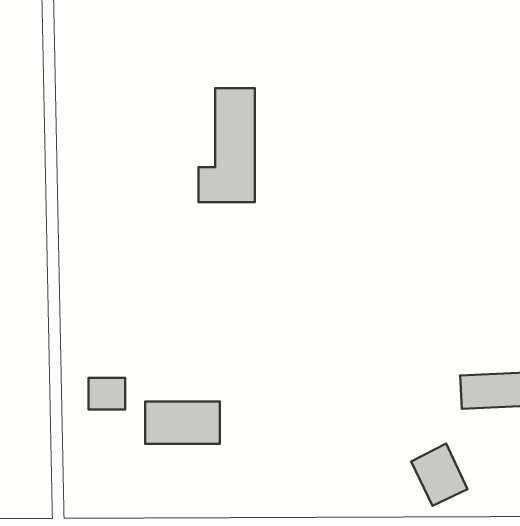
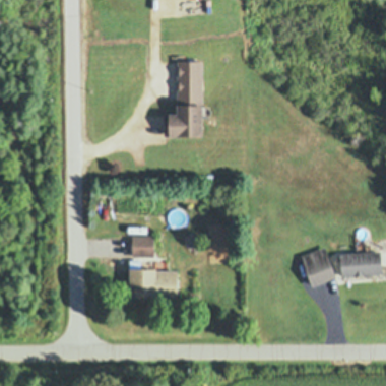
building: [89,378,125,410] -> [130,235,154,256]
building: [411,443,467,506] -> [300,245,337,286]

